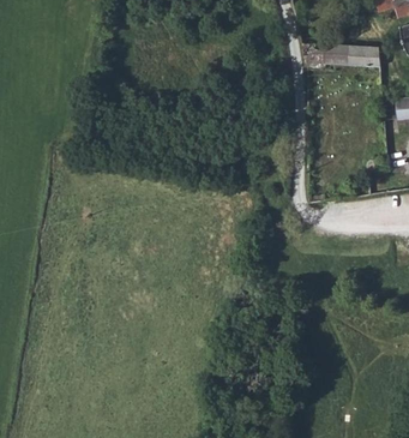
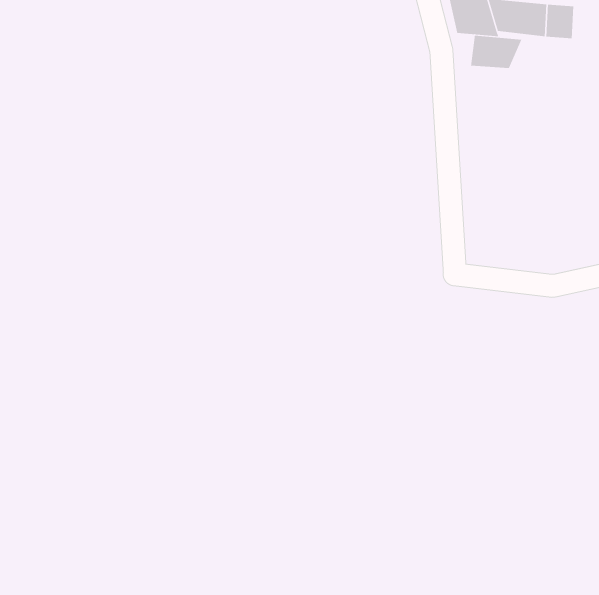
building: none -> [470,35,522,69]

